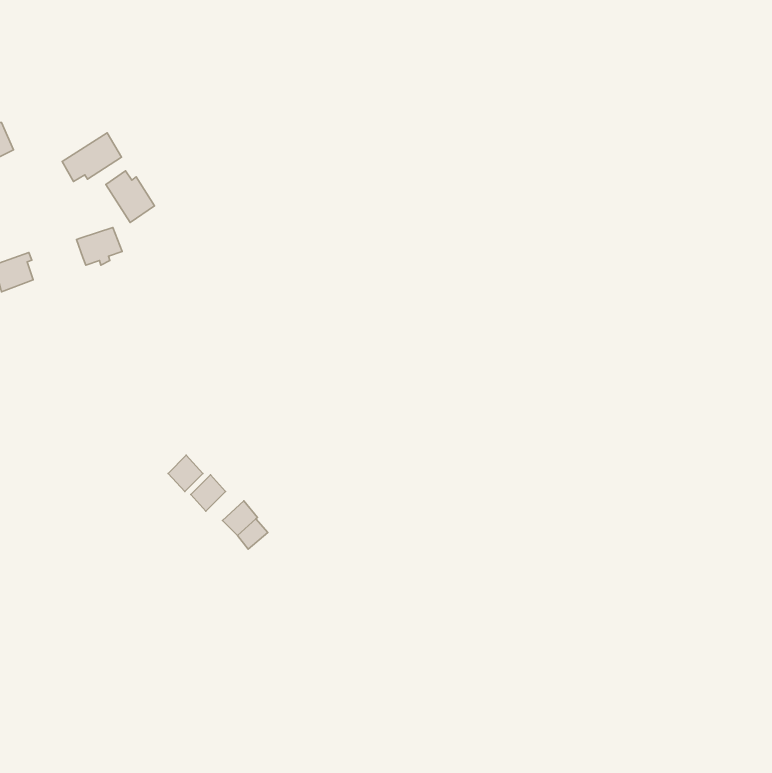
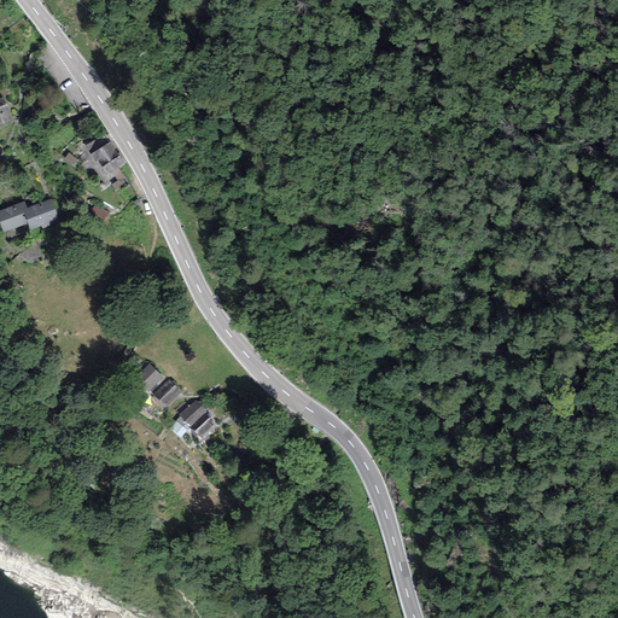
building: [62,133,121,182] -> none
building: [77,227,122,265] -> [22,199,58,229]

